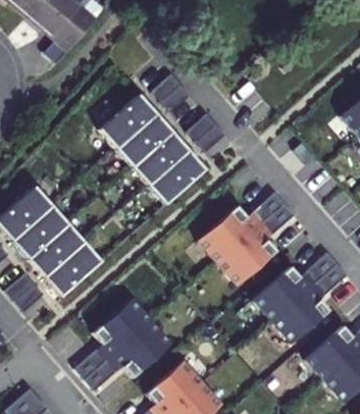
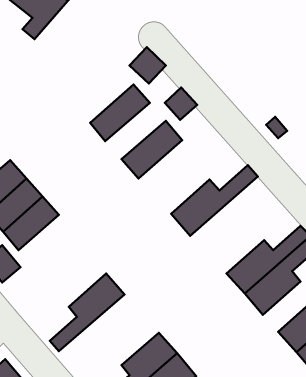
building: [98,91,159,149] -> none
building: [131,128,192,186] -> none
building: [216,203,295,286] -> none
building: [43,242,100,297] -> none
building: [84,322,169,392] -> none

